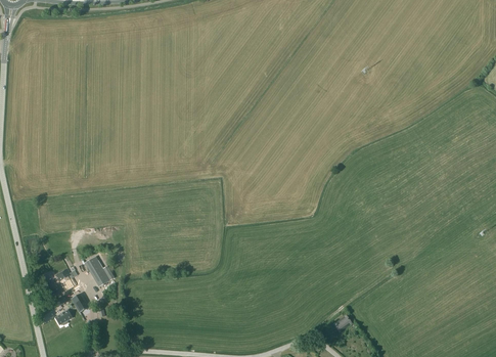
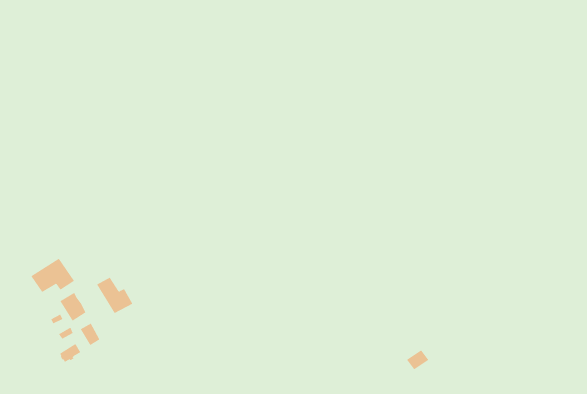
building: none -> [30,258,75,293]

